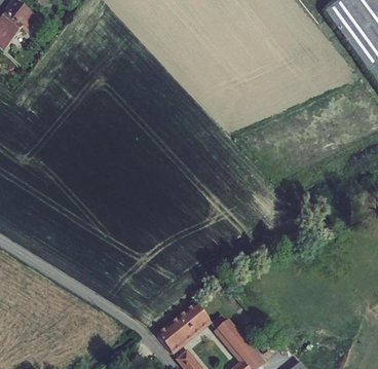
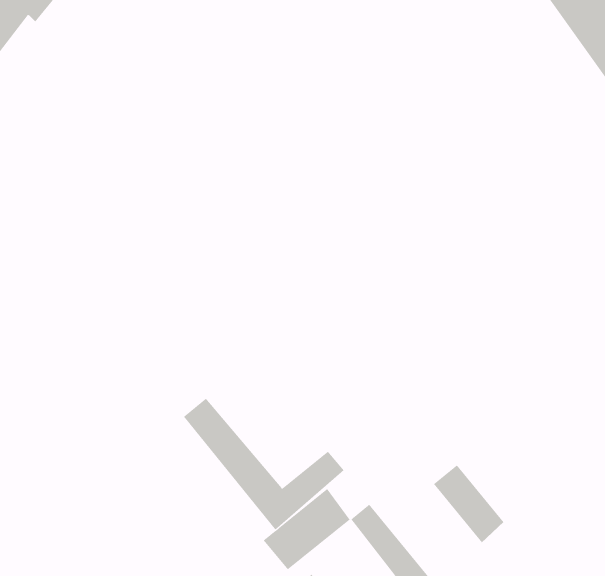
building: none -> [183,398,345,530]
building: none -> [433,465,504,543]

